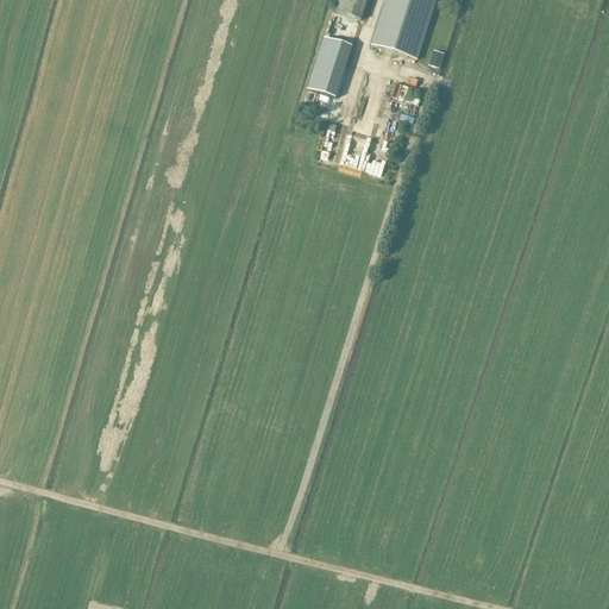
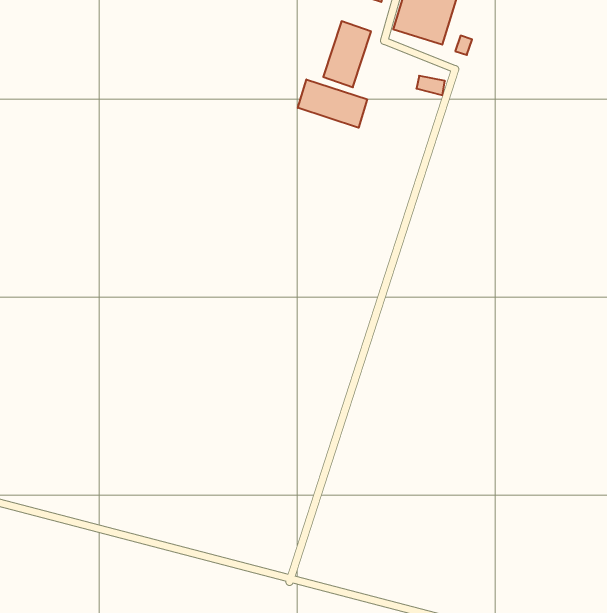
building: none -> [298,79,367,128]

